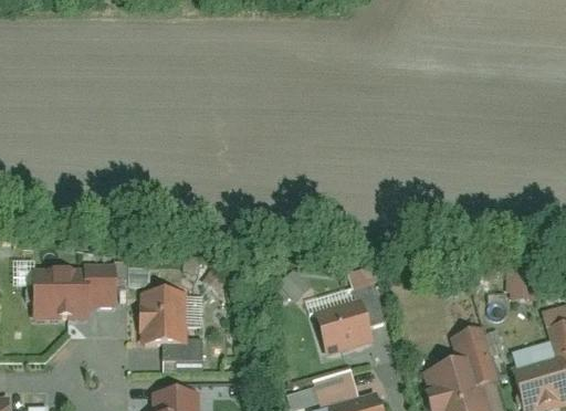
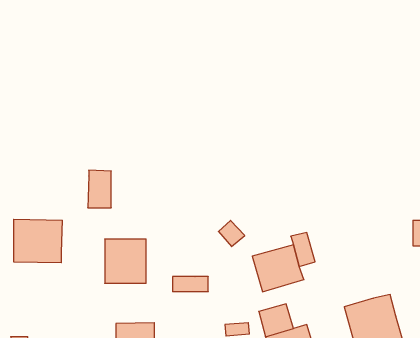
building: [88,263,116,307] -> [88,170,111,208]
building: [449,327,497,382] -> none
building: [161,344,203,361] -> [173,277,208,292]

